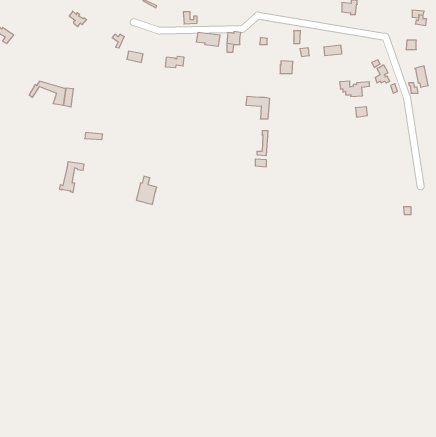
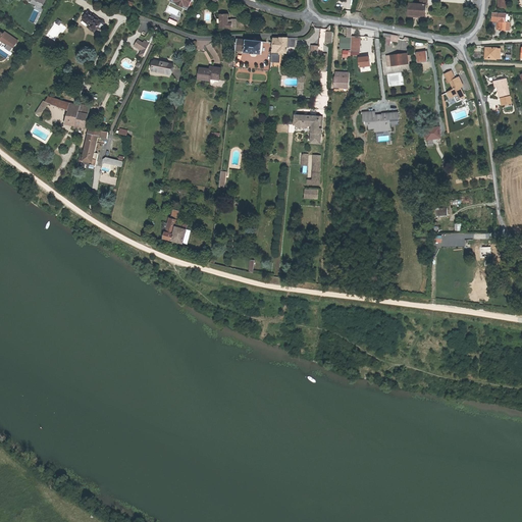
building: [340,81,370,97] -> [361,112,397,130]
building: [59,162,84,193] -> [77,128,107,165]

